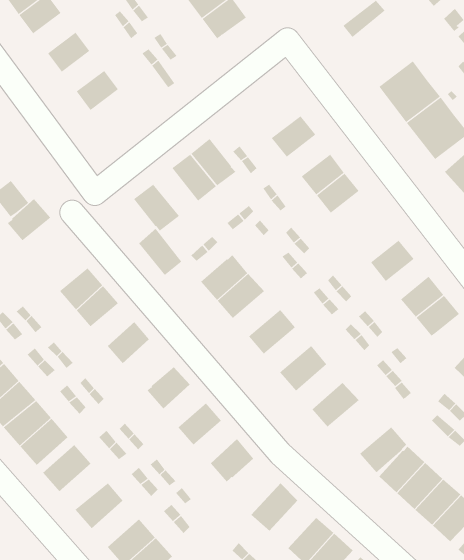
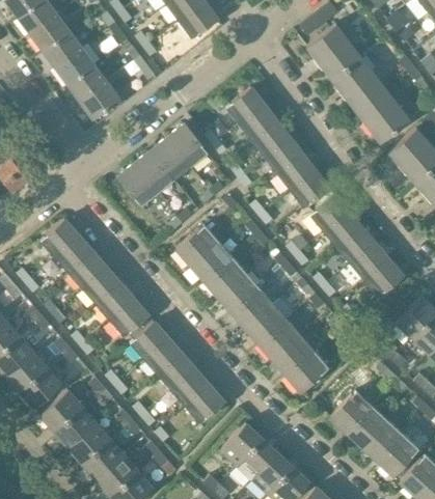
building: none -> [31,15,69,50]
building: none -> [306,24,361,79]
building: none -> [56,48,93,83]
building: none -> [81,81,118,117]
building: none -> [226,87,264,123]
building: none -> [251,120,290,157]
building: none -> [290,169,329,207]
building: [7,198,51,241] -> [40,219,79,256]
building: none -> [309,194,349,231]
building: [138,228,182,276] -> [136,149,174,191]
building: none -> [337,228,375,264]
building: none -> [205,256,246,296]
building: none -> [81,267,119,304]
building: none -> [232,287,273,327]
building: none -> [109,298,148,336]
building: none -> [260,320,300,359]
building: none -> [144,337,182,375]
building: none -> [170,368,209,406]
building: [359,426,407,473] -> [287,351,328,391]
building: none -> [54,406,97,446]
building: none -> [82,438,124,478]
building: none -> [237,438,277,479]

